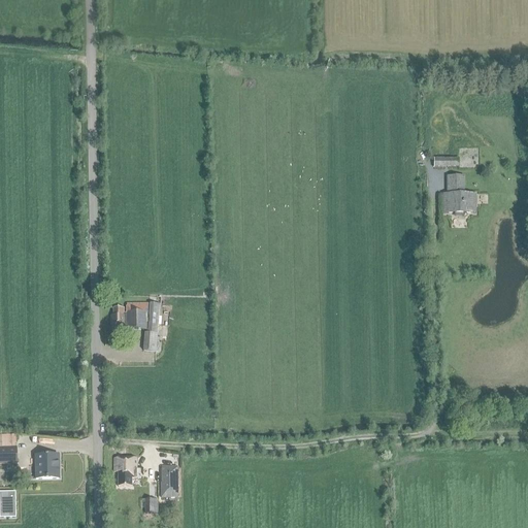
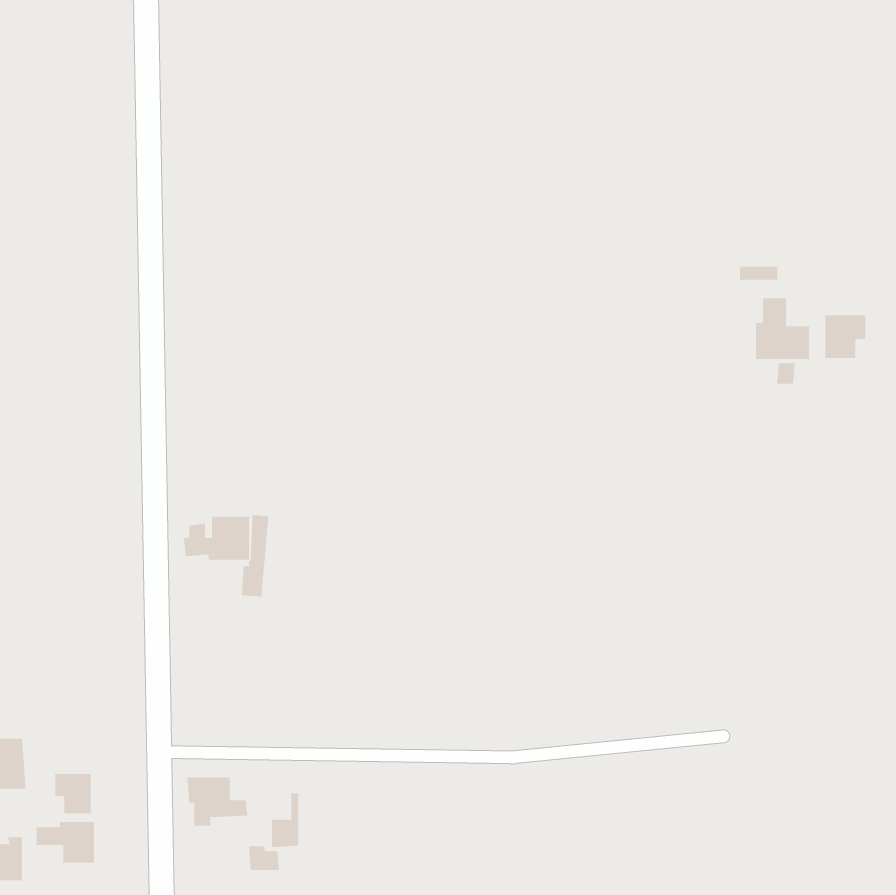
building: none -> [825,315,866,359]
building: none -> [36,821,95,864]

